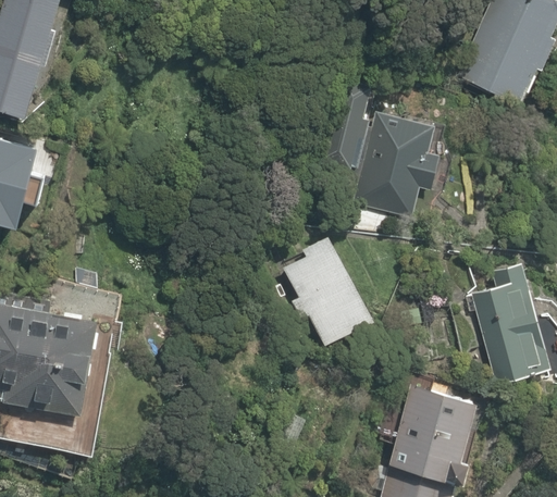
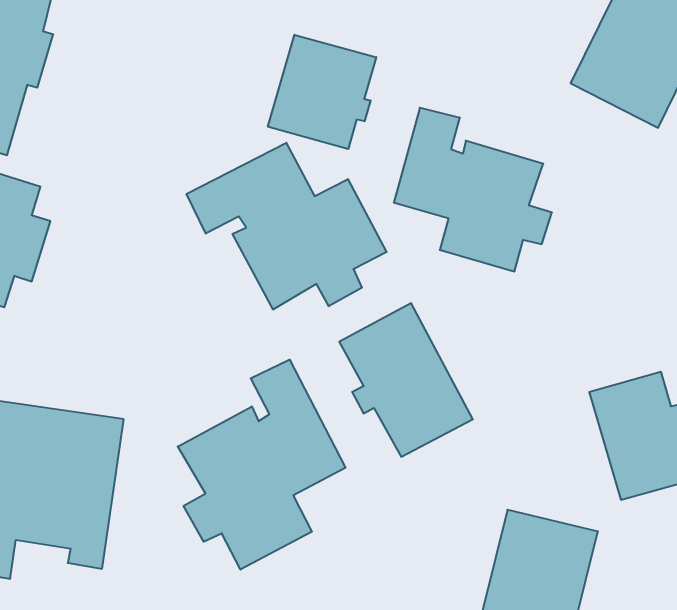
building: none -> [268,35,376,149]
building: none -> [187,143,387,310]
building: none -> [178,360,345,570]

